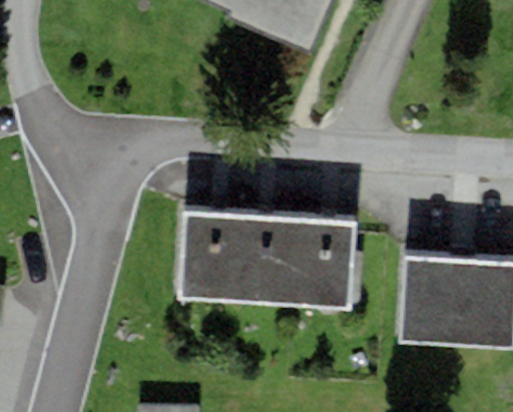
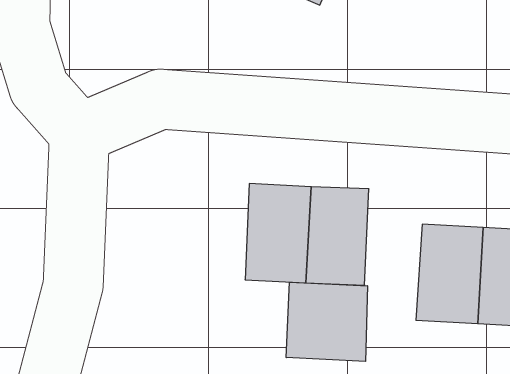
building: [182,209,243,301] -> none
building: none -> [286,282,367,361]

